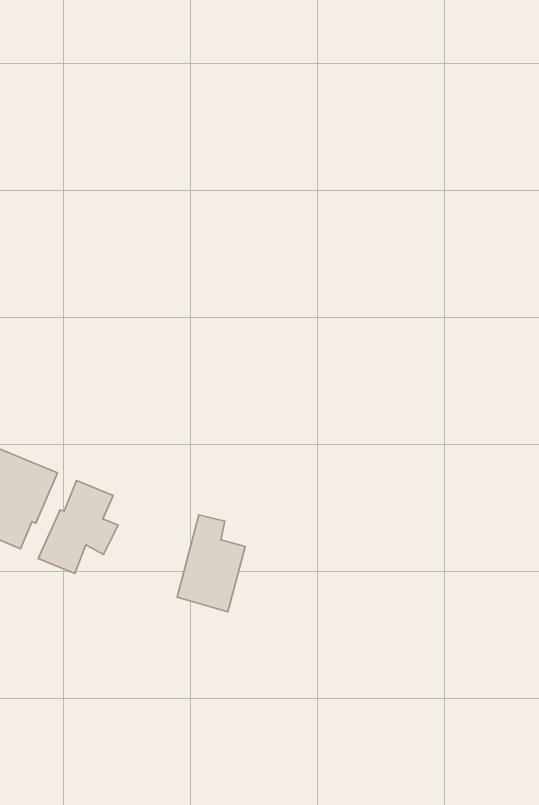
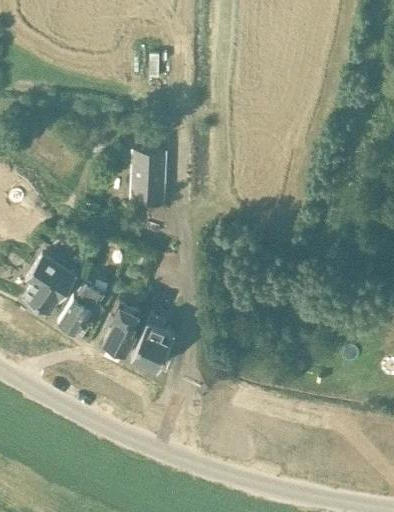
building: none -> [131,152,164,201]
building: none -> [103,305,138,356]

